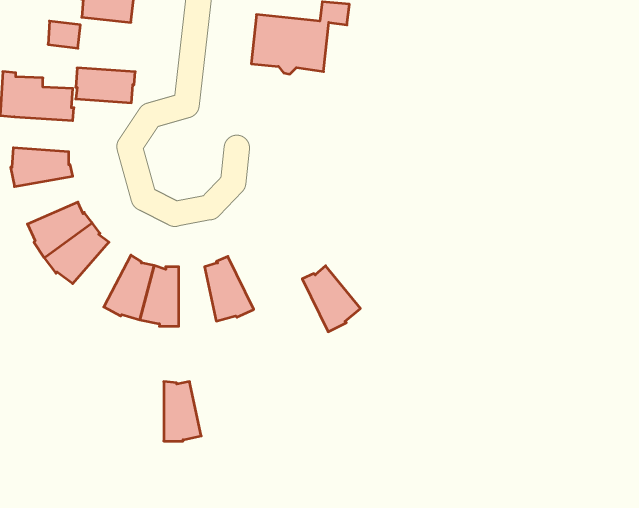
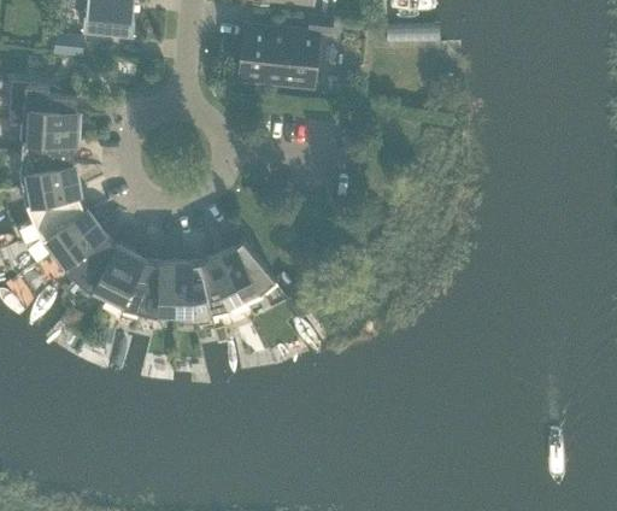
building: [76,68,135,103] -> [22,123,77,155]
building: none -> [23,178,82,223]
building: none -> [77,240,131,300]
building: [302,266,360,332] -> [222,241,276,303]
building: [164,382,201,441] -> [176,263,211,318]

